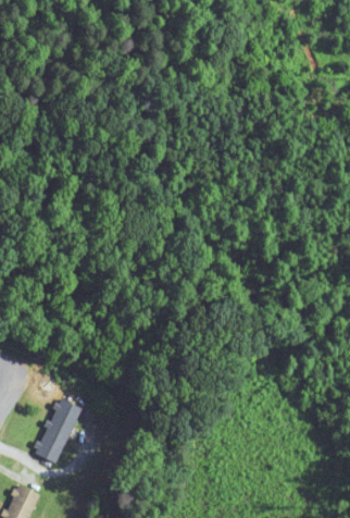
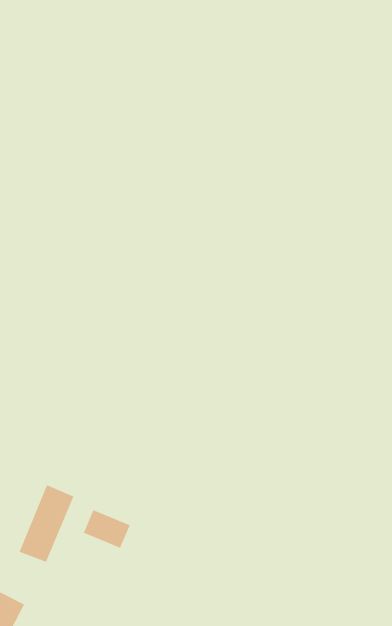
building: none -> [83,509,131,549]

